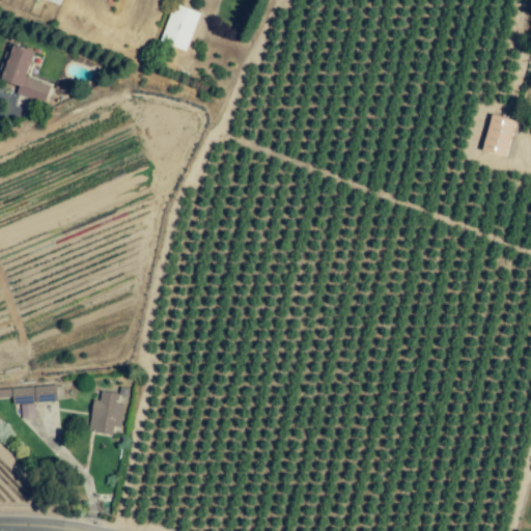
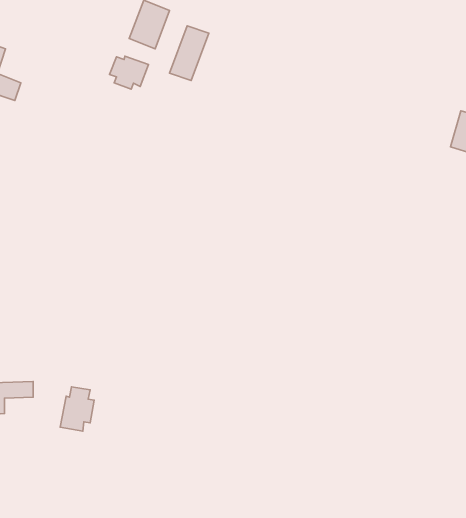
building: none -> [169,26,209,81]
building: none -> [109,56,148,89]

